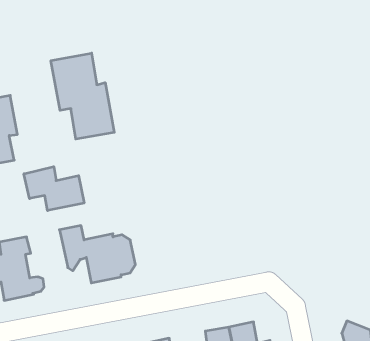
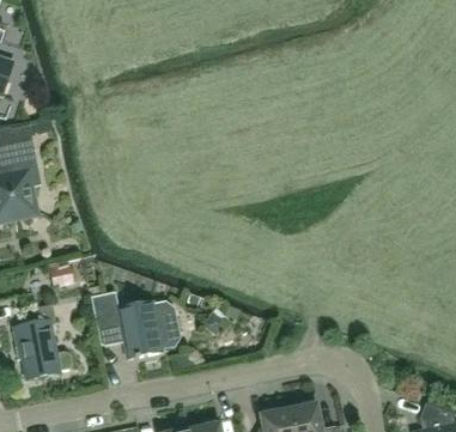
building: [51,53,114,139] -> none
building: [24,167,84,211] -> none

